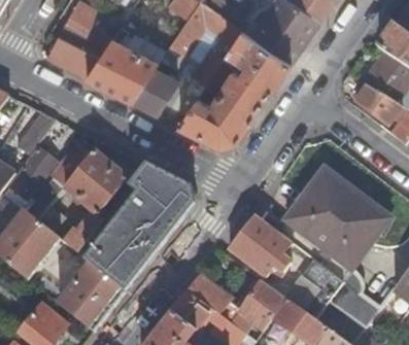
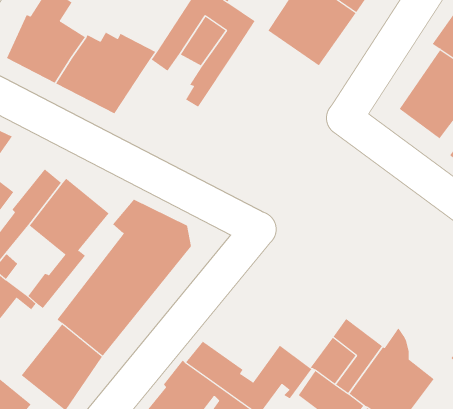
building: [177,29,289,145] -> none
building: [131,68,175,112] -> none
building: [282,169,387,269] -> none
building: [227,215,289,278] -> none

